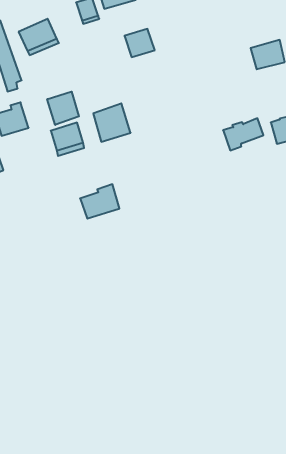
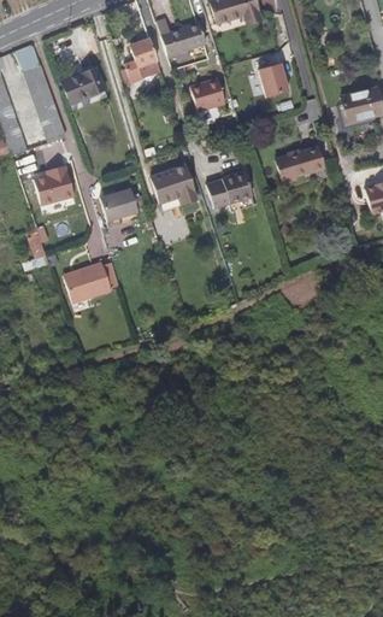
building: none -> [258,65,287,99]
building: [47,92,79,125] -> none
building: none -> [206,175,253,211]
building: [223,118,263,150] -> [272,146,320,184]
building: [80,184,119,219] -> [63,259,110,300]

